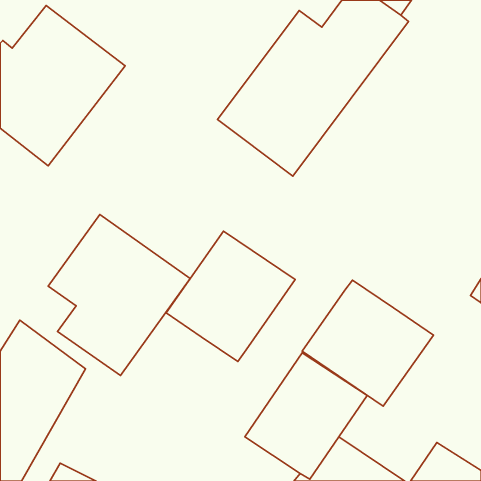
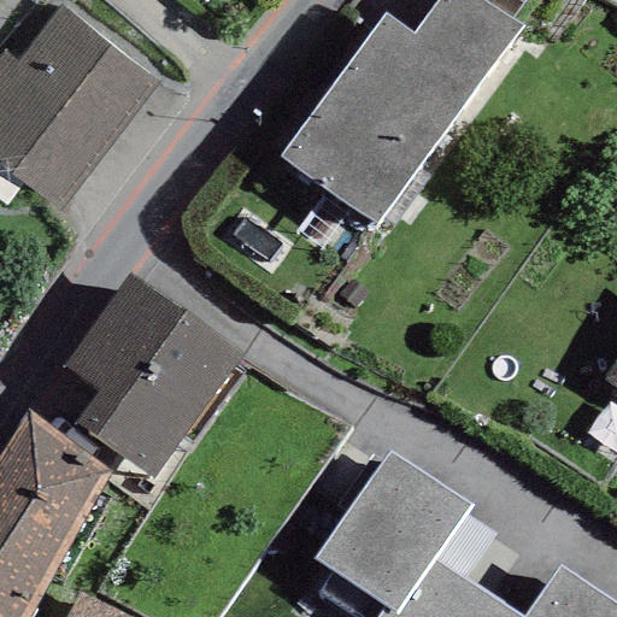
building: [166,231,295,361] -> none
building: [302,280,433,406] -> none

